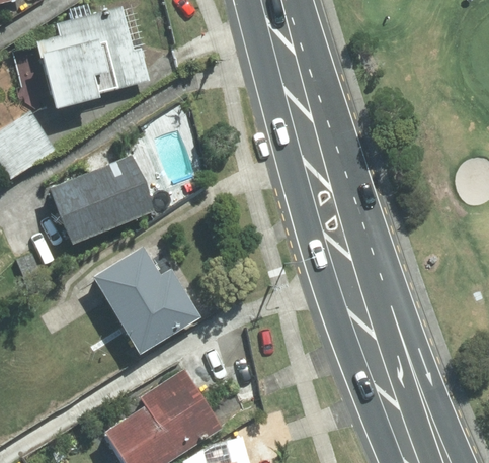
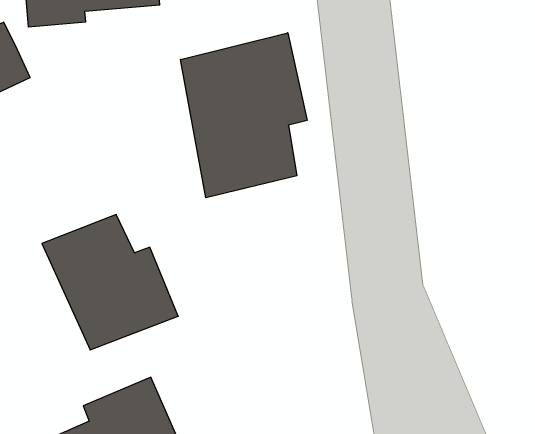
building: none -> [181,33,307,198]
building: [49,156,154,244] -> none

